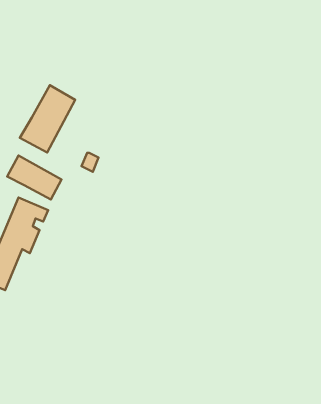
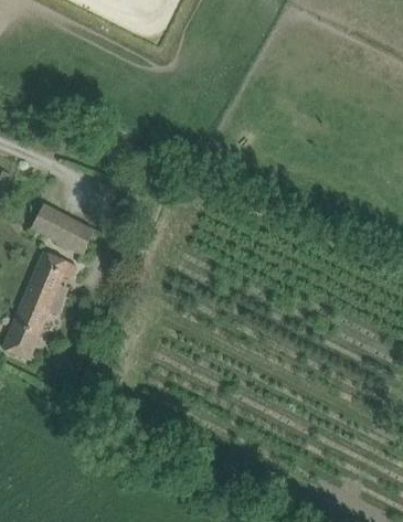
building: [20,85,75,153] -> none

